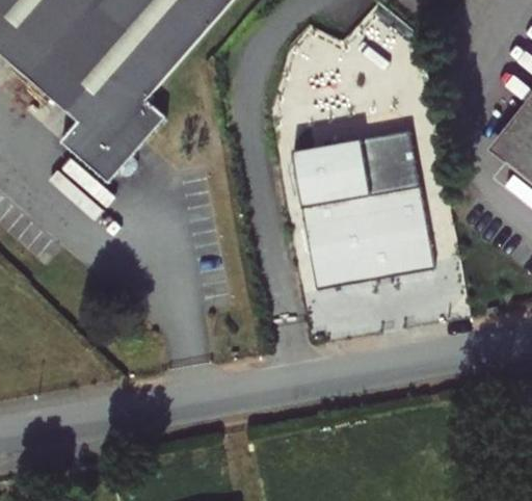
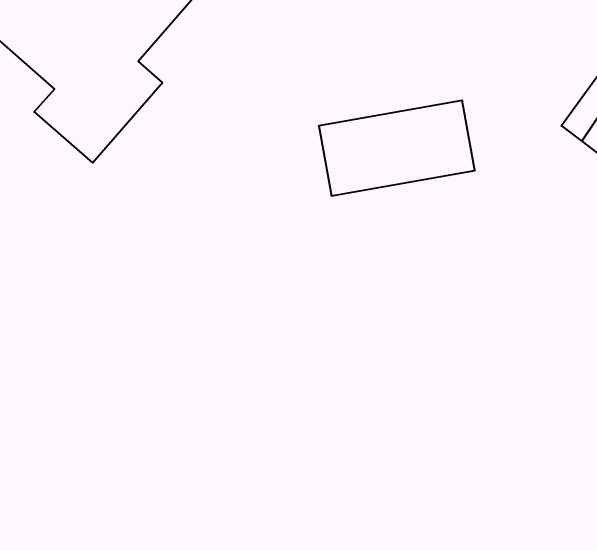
building: [302,186,435,290] -> none

